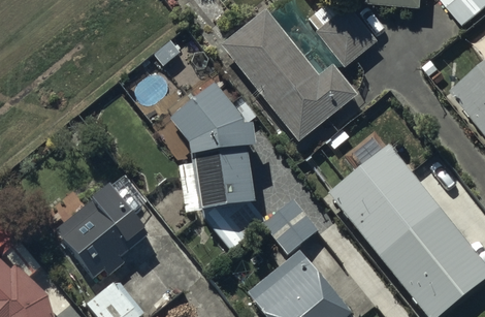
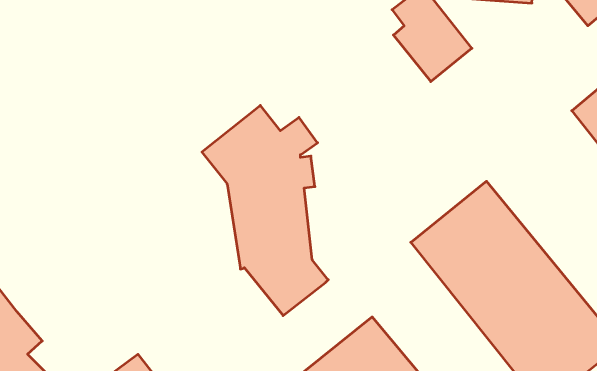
building: [220,8,356,141] -> none
building: [54,172,148,281] -> none
building: [262,197,317,253] -> none

